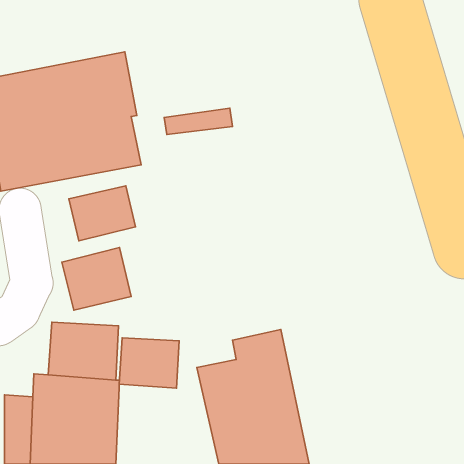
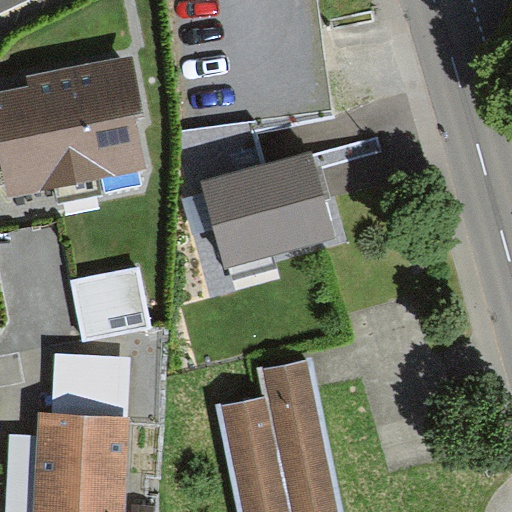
building: none -> [200,149,335,274]
building: [69,186,135,241] -> none
building: [119,338,179,388] -> none

